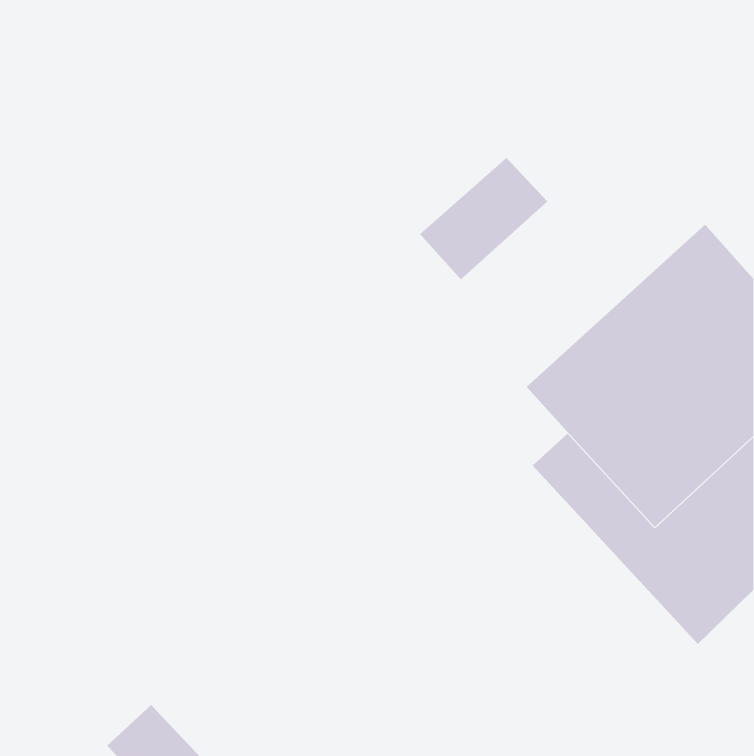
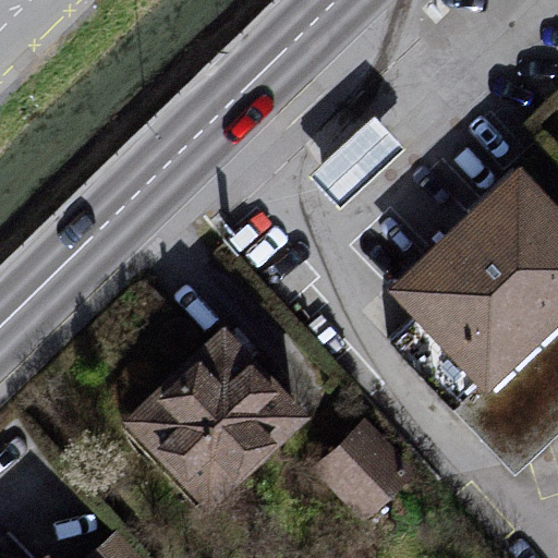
building: none -> [129,329,316,515]
building: none -> [315,407,411,501]

